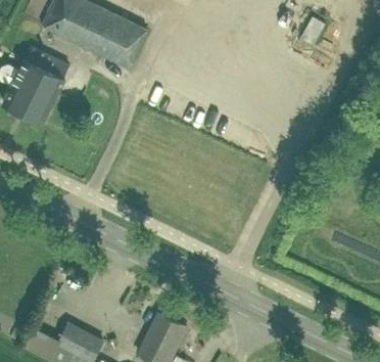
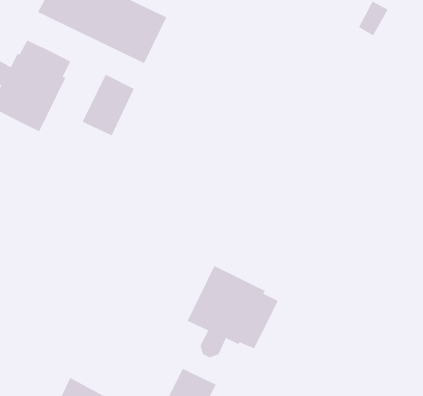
building: none -> [82,74,134,136]
building: none -> [187,265,278,358]

